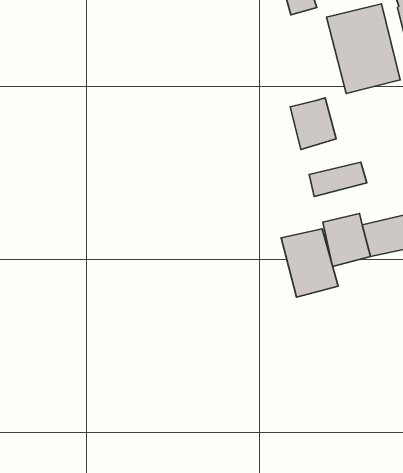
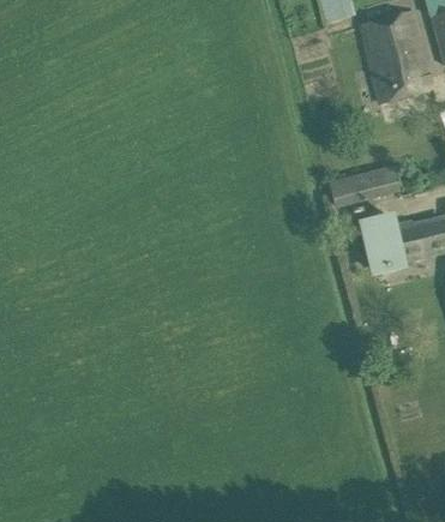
building: [290,98,336,150] -> none
building: [281,229,338,297] -> none

